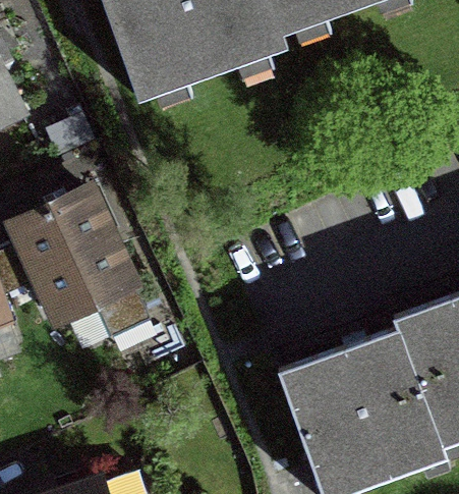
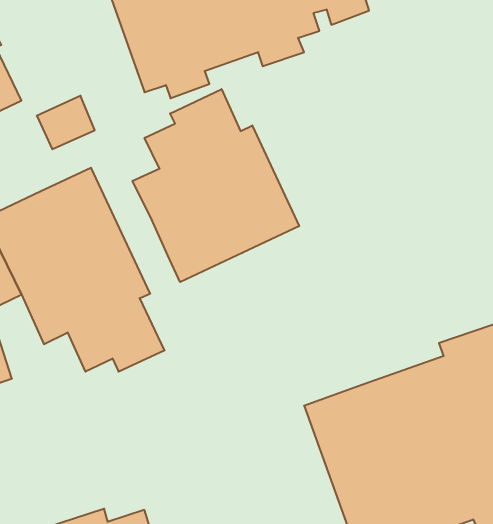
building: none -> [133,89,299,282]

